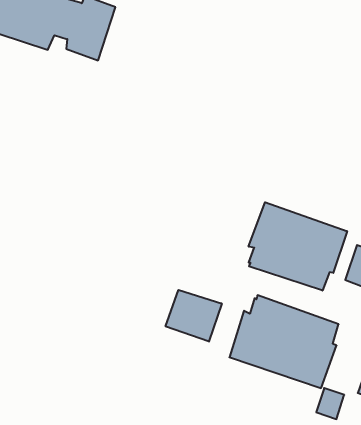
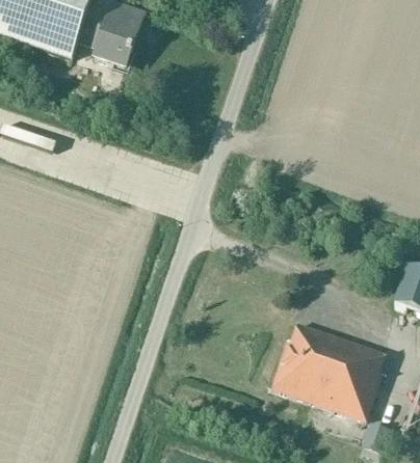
building: [249,202,347,291] -> none
building: [166,290,222,342] -> none

